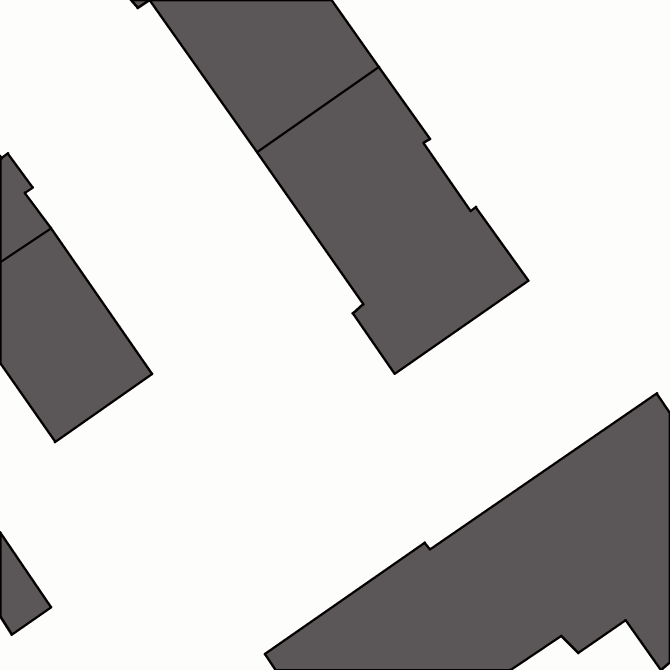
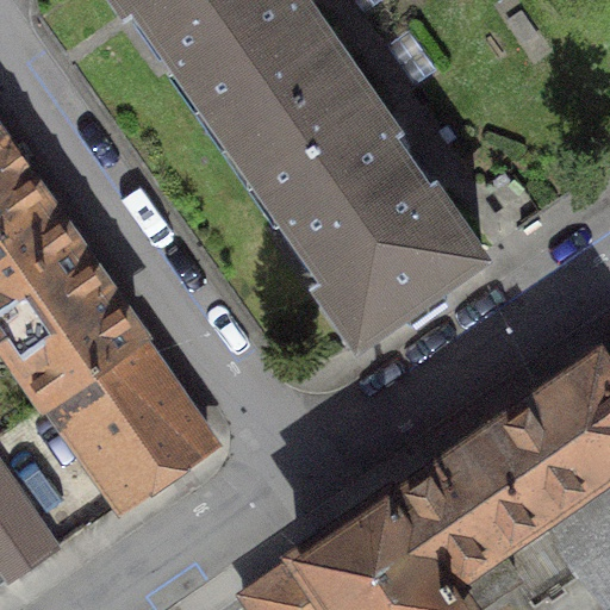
building: none -> [50,340,210,503]

